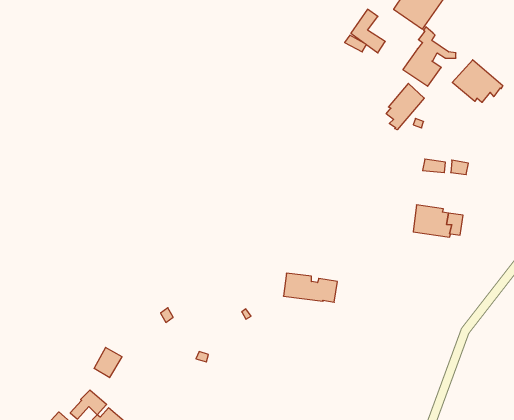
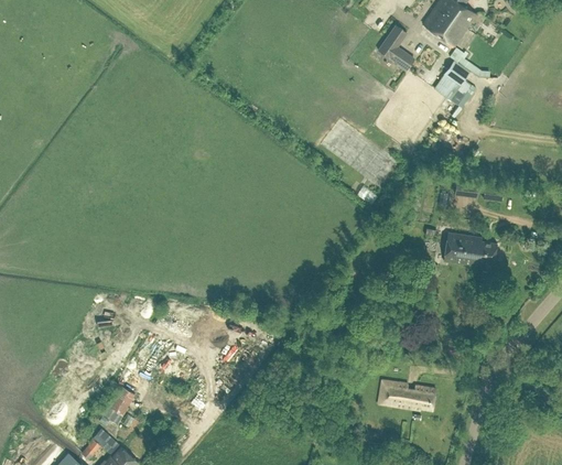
building: [452,60,503,102] -> none
building: [386,83,424,130] -> none
building: [283,273,337,302] -> [379,380,436,411]

